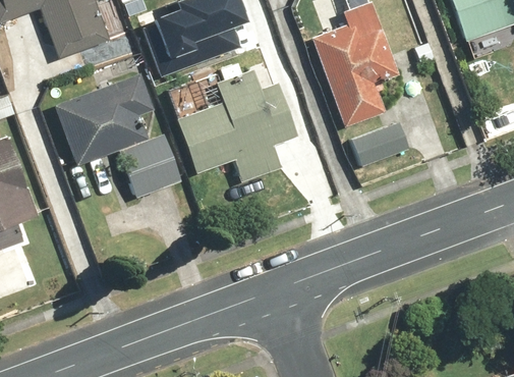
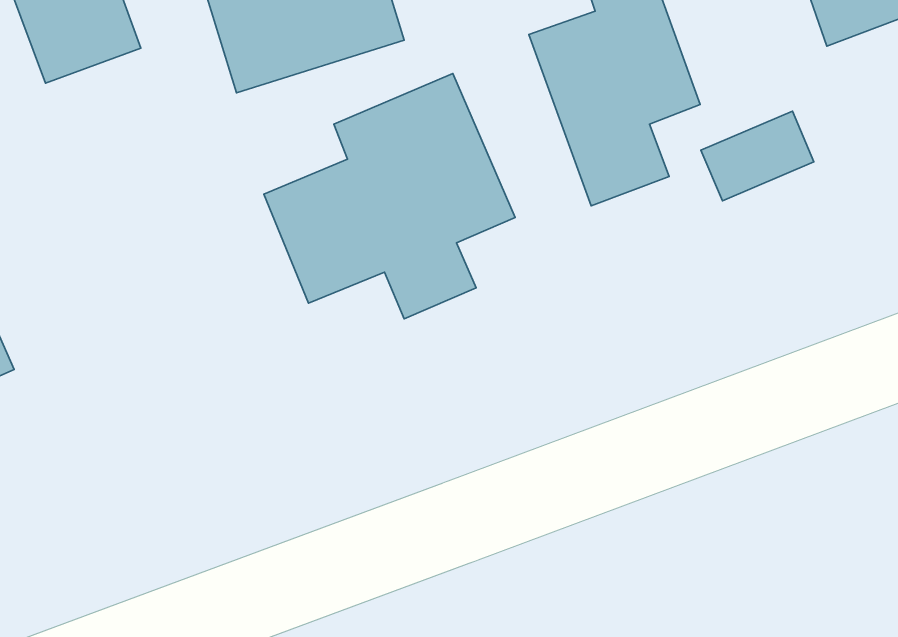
building: [51,68,179,197] -> none
building: [351,121,410,168] -> [701,111,814,201]

